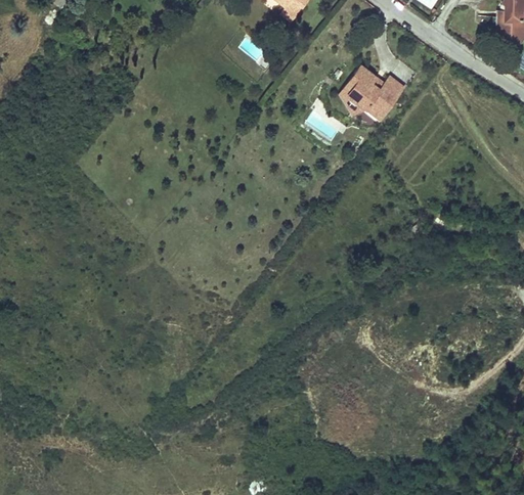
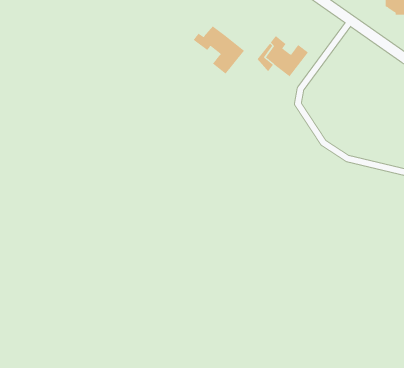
building: none -> [193,26,245,75]

